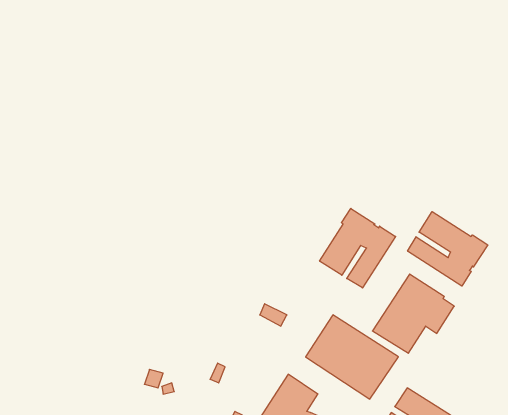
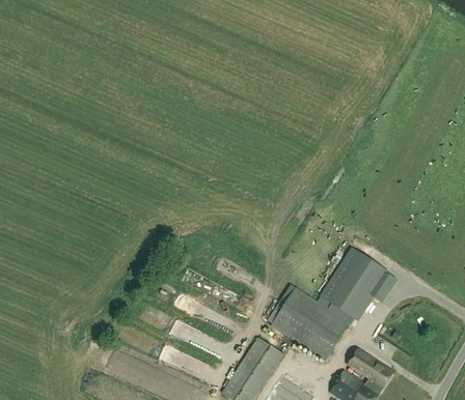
building: [320,208,396,288] -> none
building: [408,212,488,286] -> none

